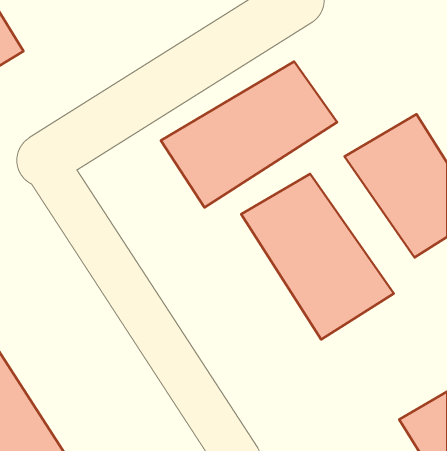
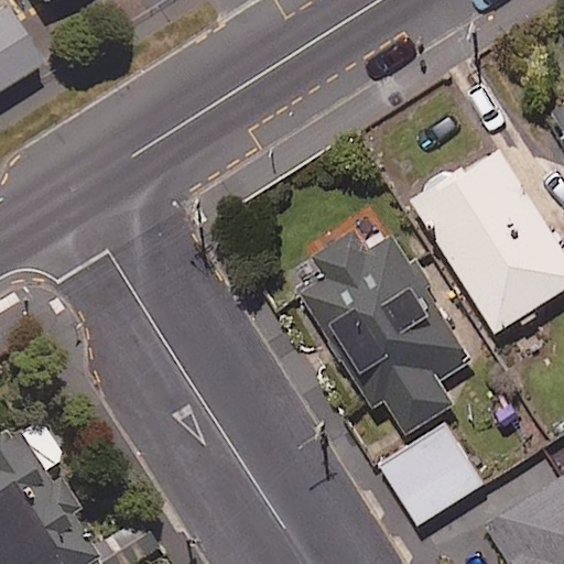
building: [161,62,337,207] -> none
building: none -> [368,430,470,531]

